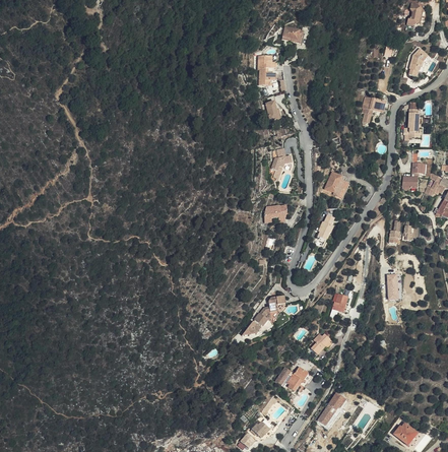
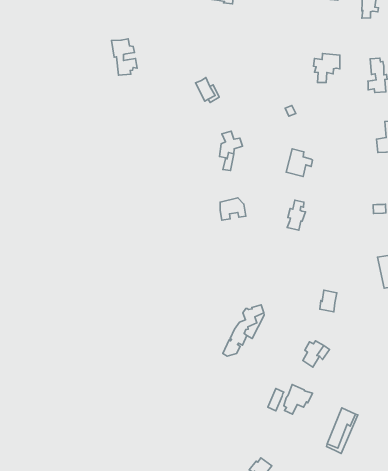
building: [258,54,275,84] -> [111,39,137,75]

